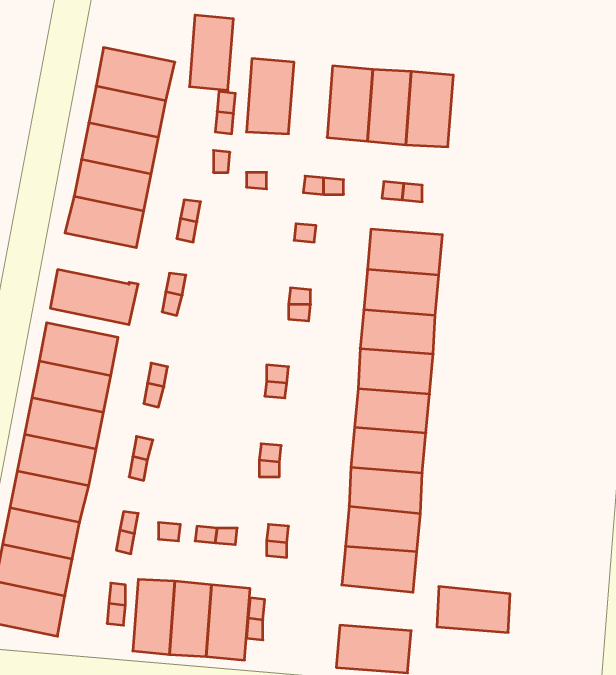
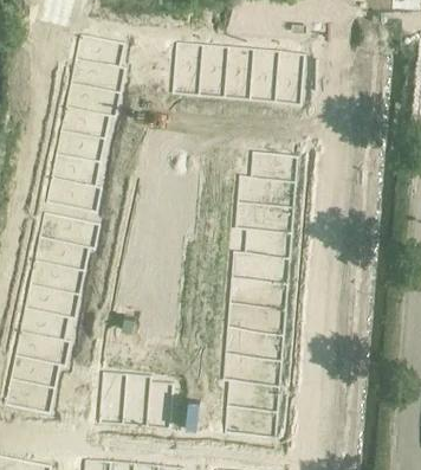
building: [189,15,233,90] -> [199,46,227,95]
building: none -> [50,156,101,189]
building: [437,587,510,632] -> [232,384,279,413]

